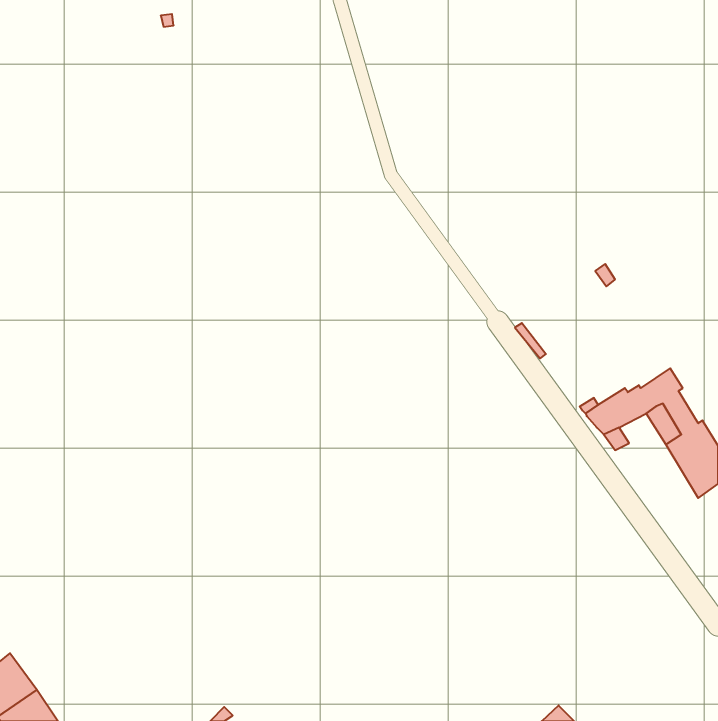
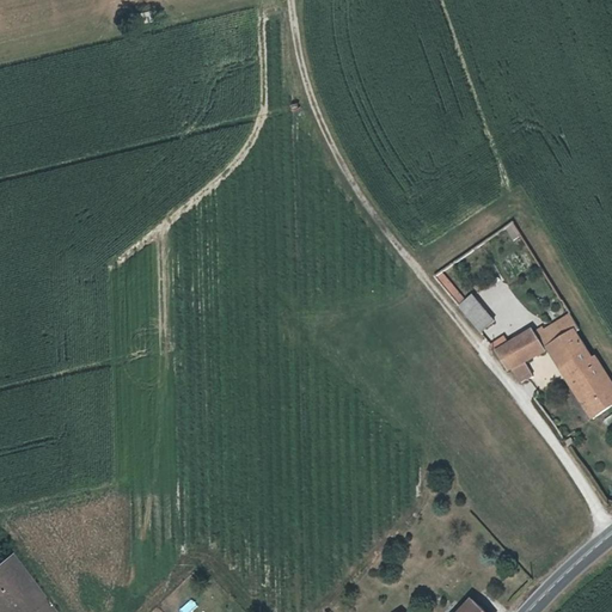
building: none -> [460,294,495,333]

